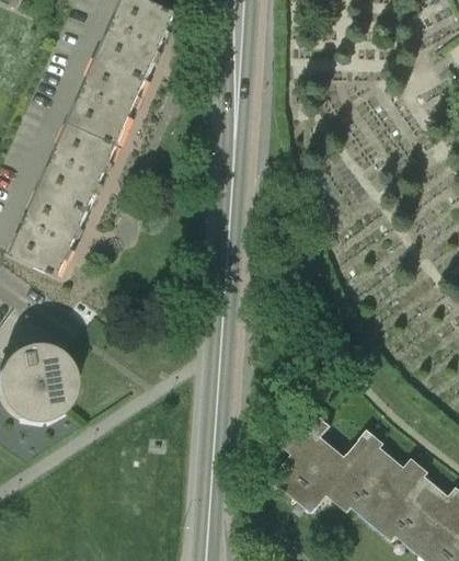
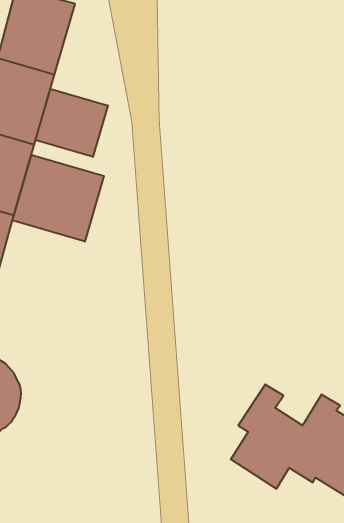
building: none -> [36,89,108,157]
building: none -> [12,155,104,242]

